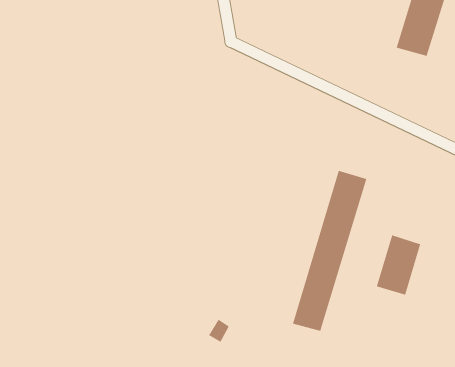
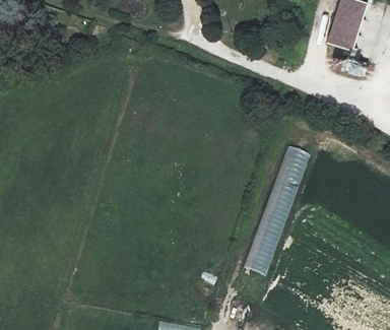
building: [376,235,421,295] -> none

